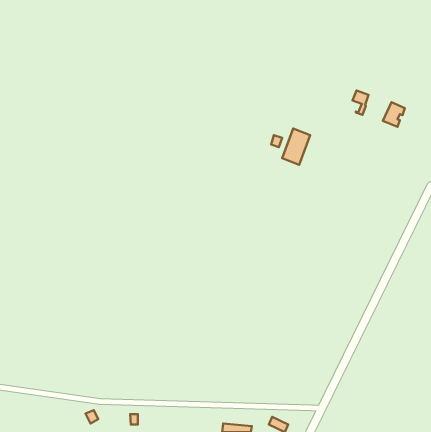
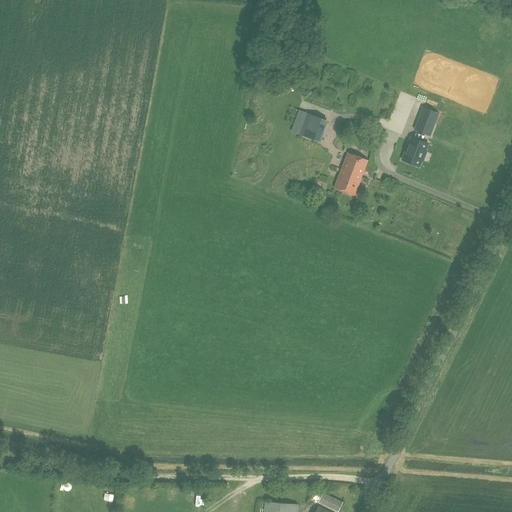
building: none -> [299,114,327,142]
building: [383,102,405,127] -> [400,138,426,167]

